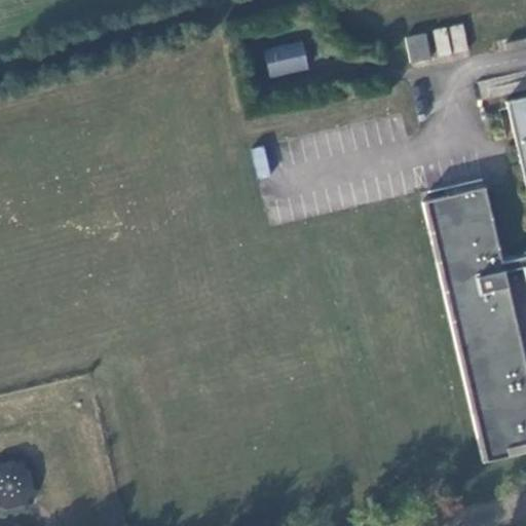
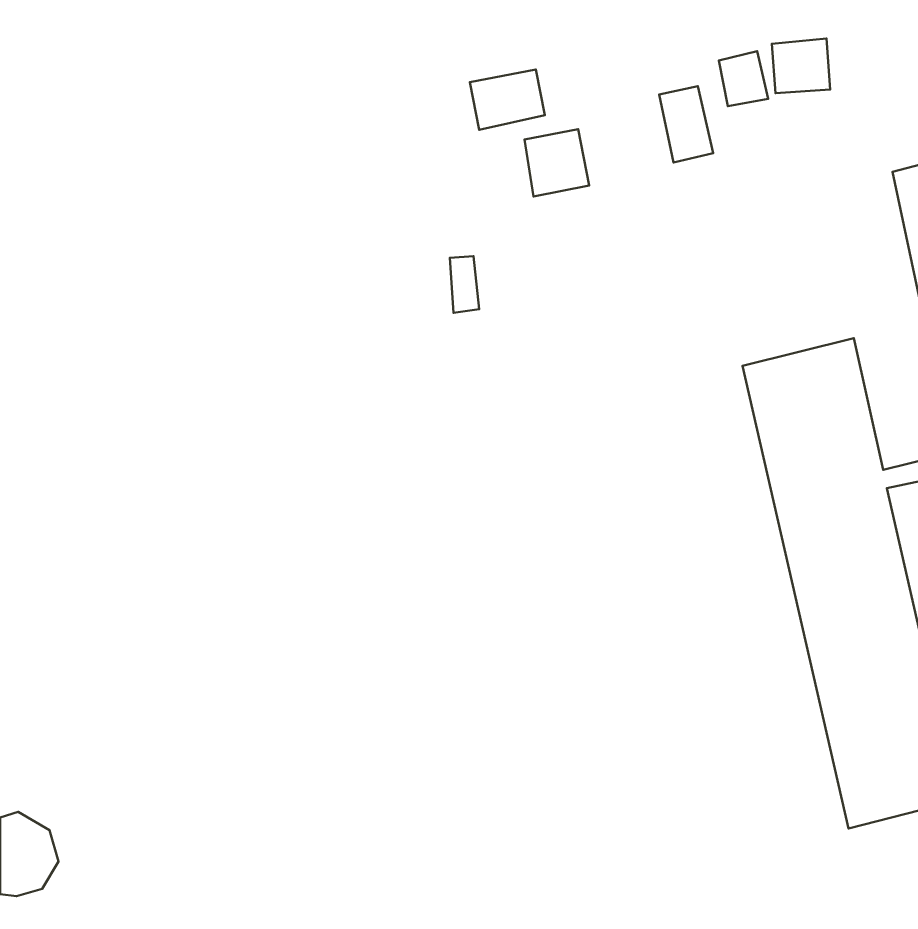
building: none -> [659,86,713,162]
building: none -> [524,129,589,196]

